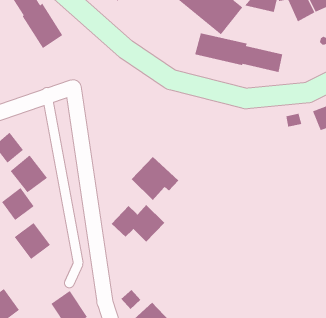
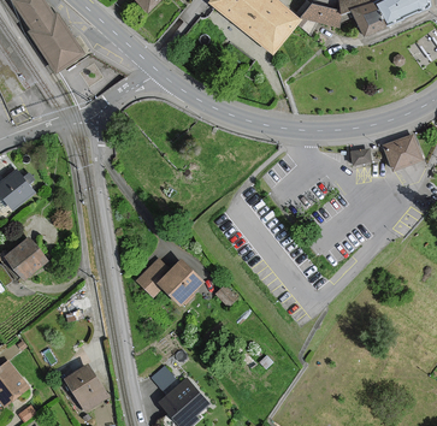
building: [195,33,283,73] -> none
building: [10,155,48,193] -> none
building: [131,156,179,201] -> none
building: [14,222,51,260] -> none

